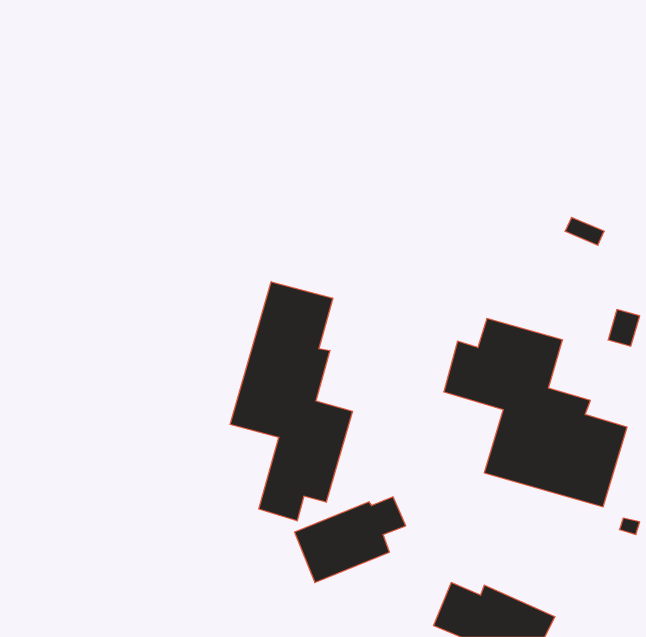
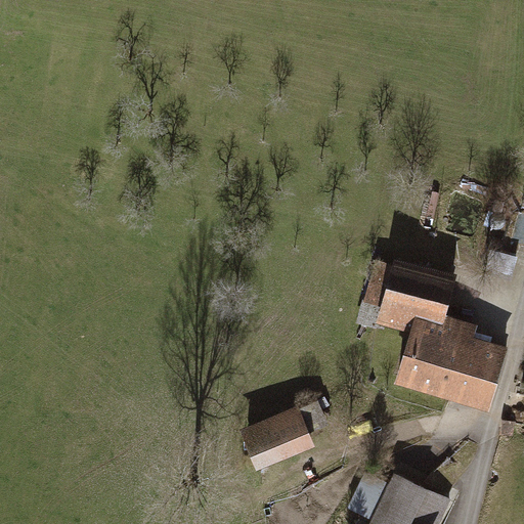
building: [230,282,353,521] -> none

